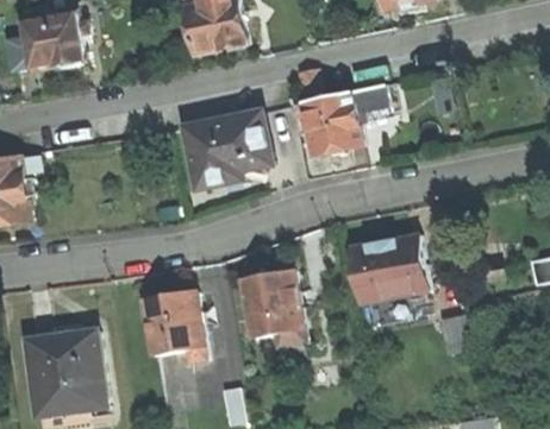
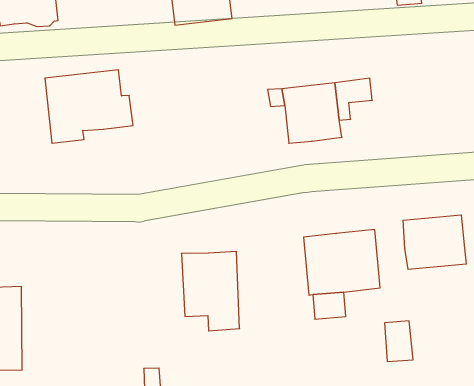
building: [192,118,280,194] -> [45,70,133,143]
building: none -> [403,215,466,269]
building: [137,283,200,355] -> none

